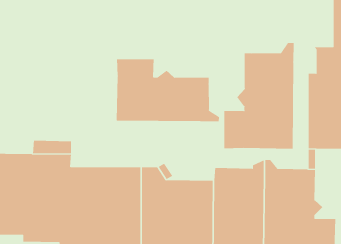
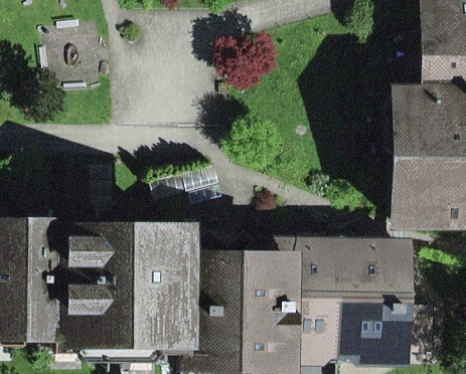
building: [224,42,294,150] -> none
building: [116,58,219,122] -> none

